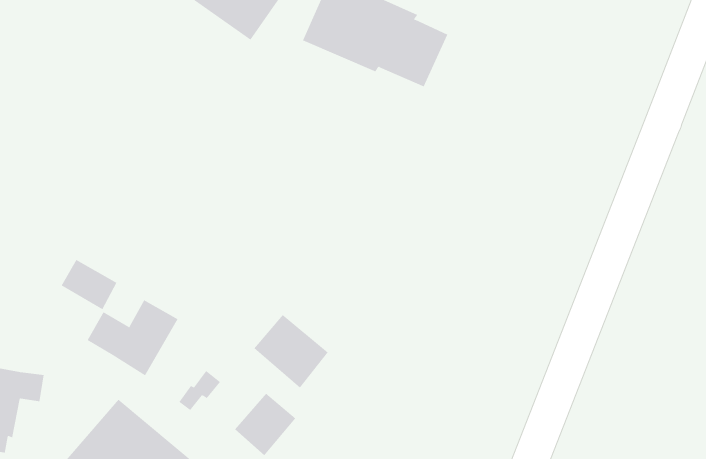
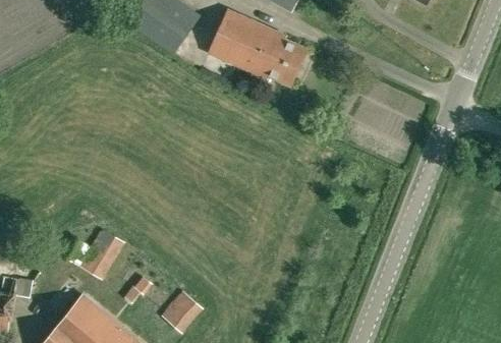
building: [61,259,117,310] -> none
building: [253,314,329,388] -> none

